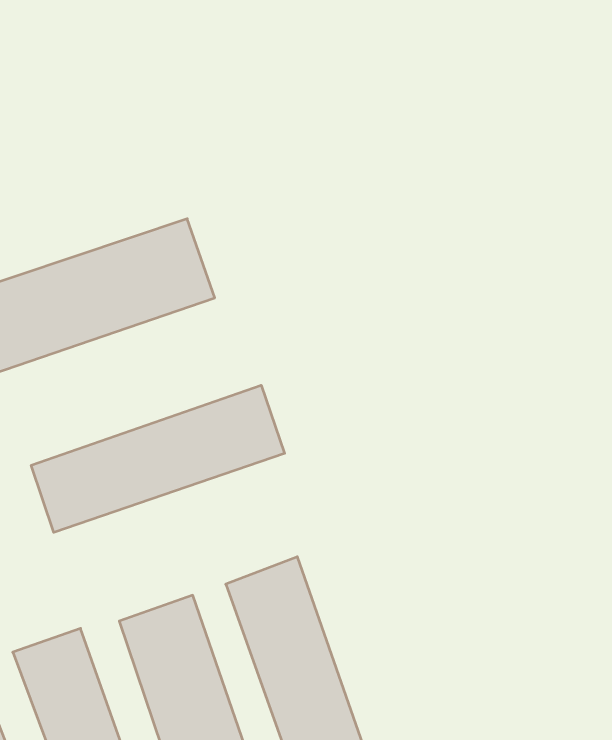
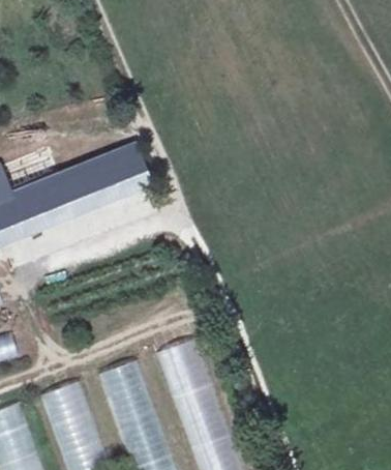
building: [31,385,285,532] -> none

